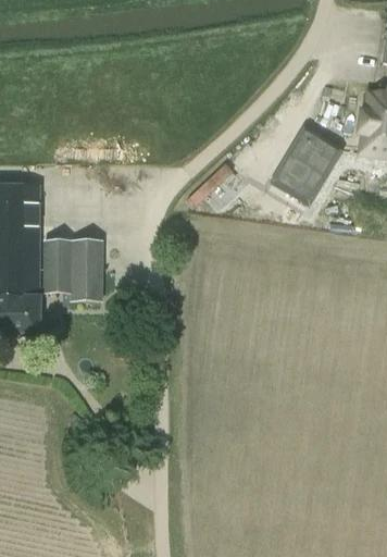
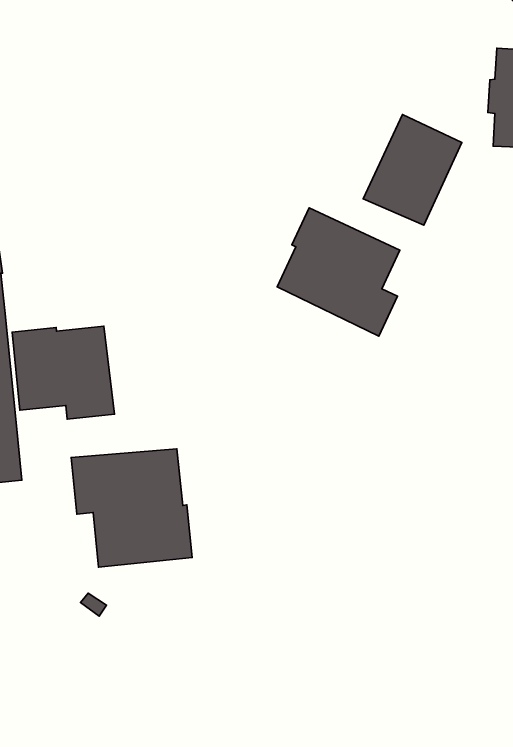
building: none -> [277,208,400,336]
building: none -> [71,449,192,567]

